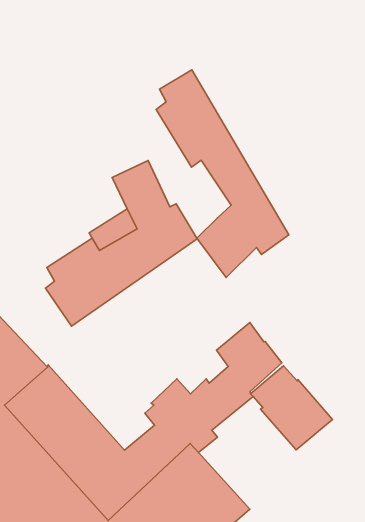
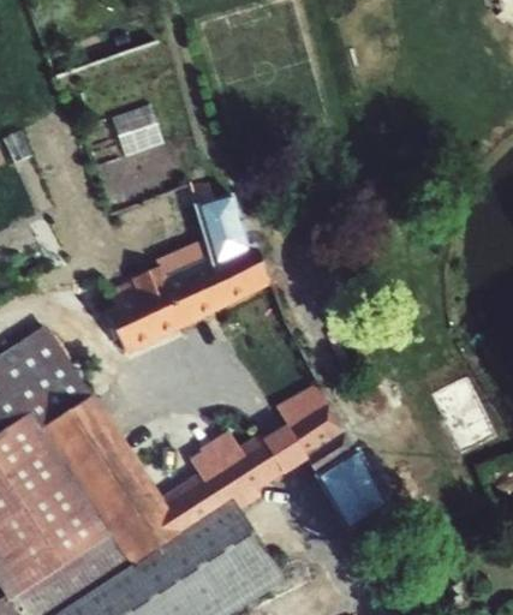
building: [156,70,289,278] -> none
building: none -> [112,105,165,157]

